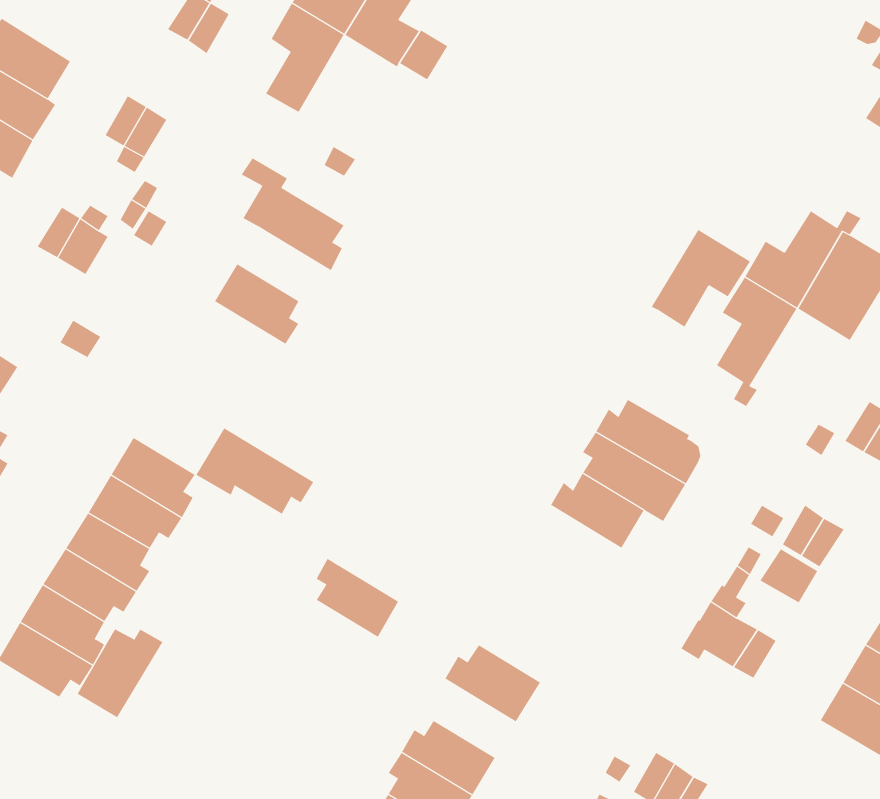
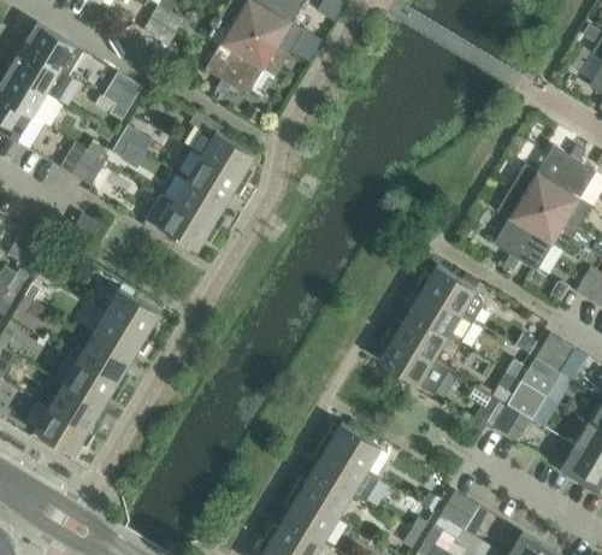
building: none -> [216,33,290,95]
building: none -> [188,155,248,202]
building: [651,229,751,327] -> [515,207,579,270]
building: [195,428,314,514] -> [143,195,219,250]
building: none -> [379,332,449,392]
building: [316,558,399,637] -> [313,443,366,494]
building: none -> [507,380,547,419]
building: [77,629,163,718] -> none

